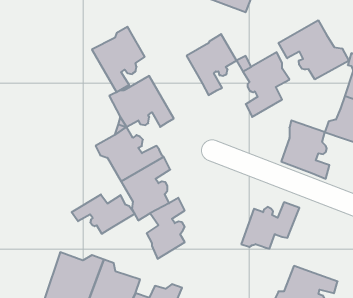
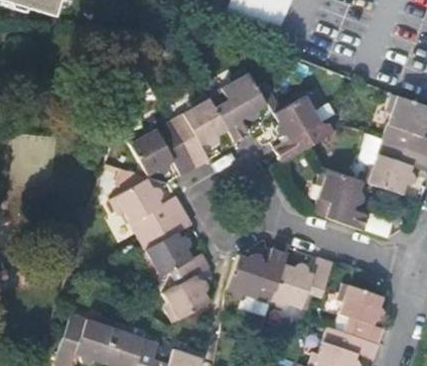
building: [279,20,349,79] -> none
building: [92,27,145,92] -> [168,93,227,165]
building: none -> [228,248,288,304]
building: [72,194,135,234] -> none
building: none -> [339,281,385,346]

